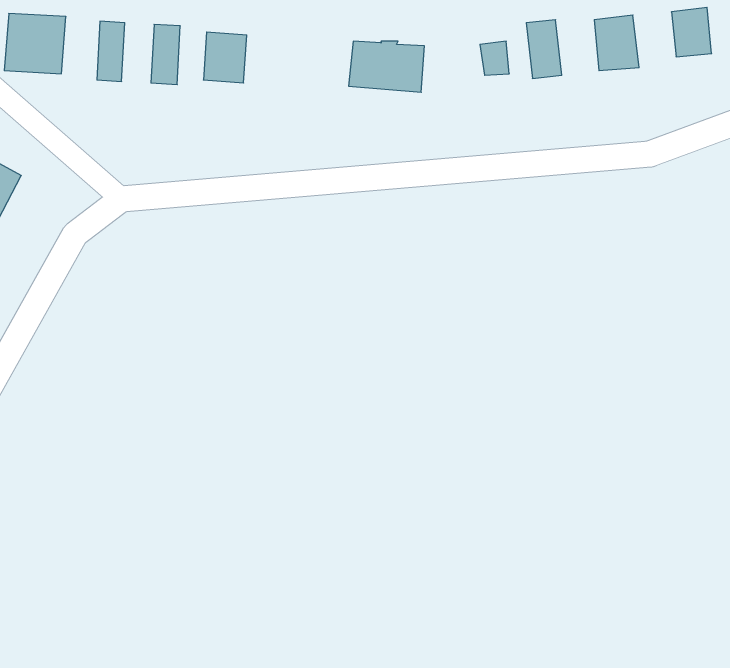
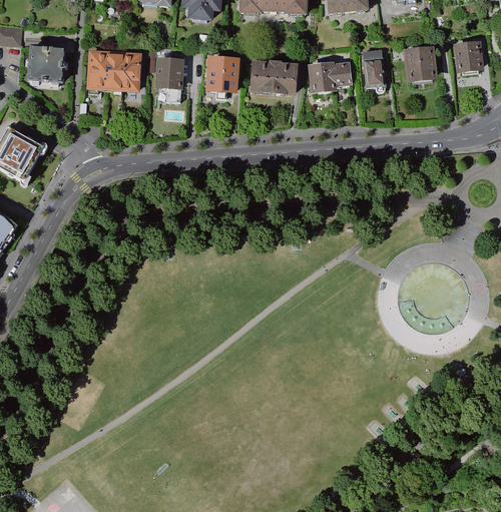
building: none -> [101,51,122,90]
building: none -> [206,57,237,95]
building: none -> [311,62,337,94]

